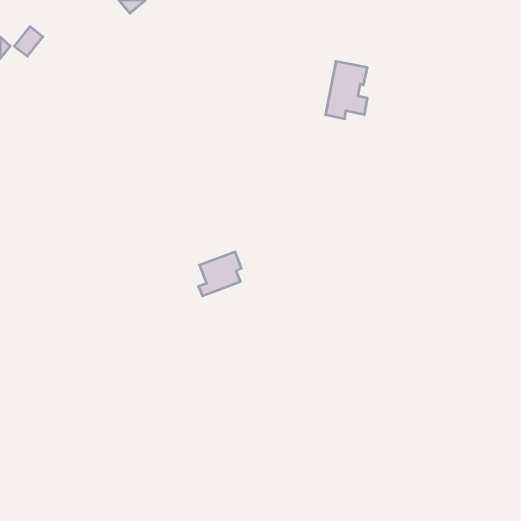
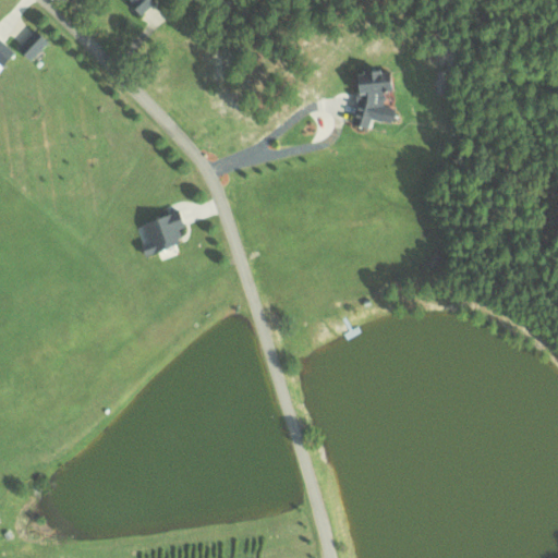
building: [198,252,241,296] -> [140,209,185,256]

